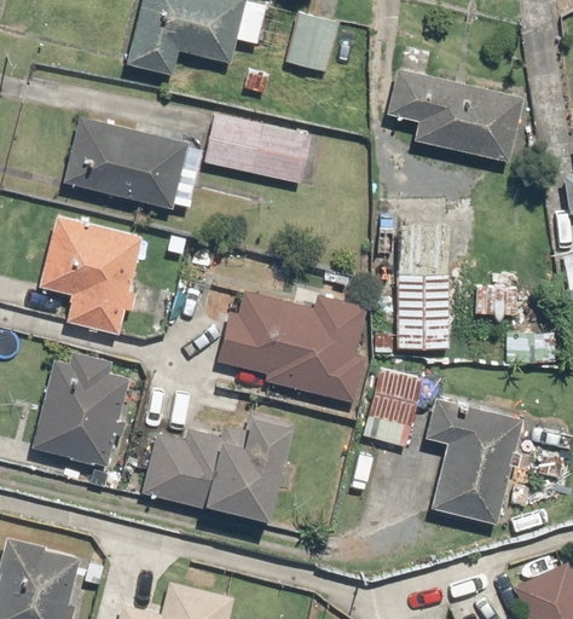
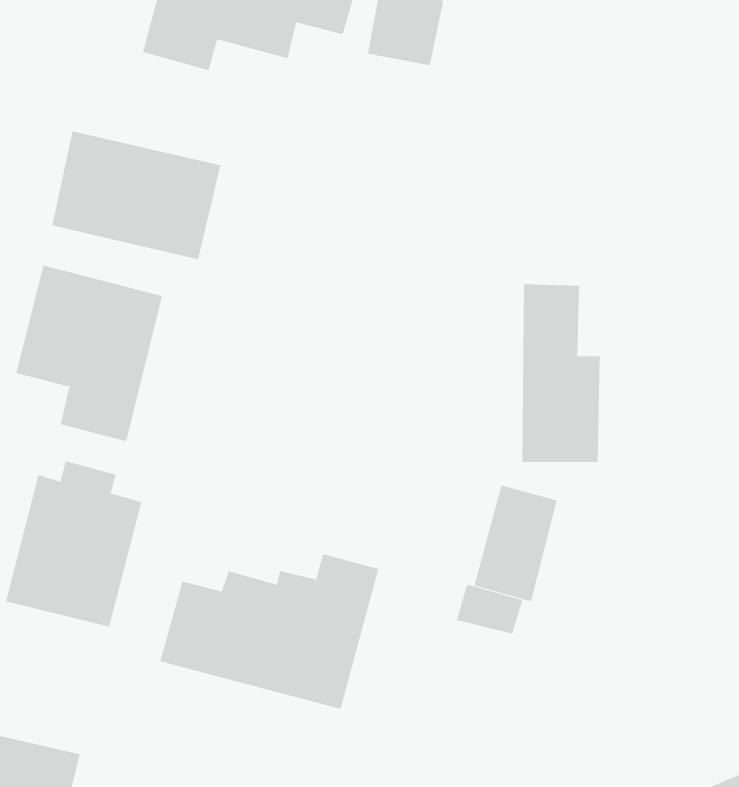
building: [389,70,519,160] -> none
building: [204,115,311,180] -> none
building: [220,296,369,404] -> none
building: [430,401,523,523] -> none

